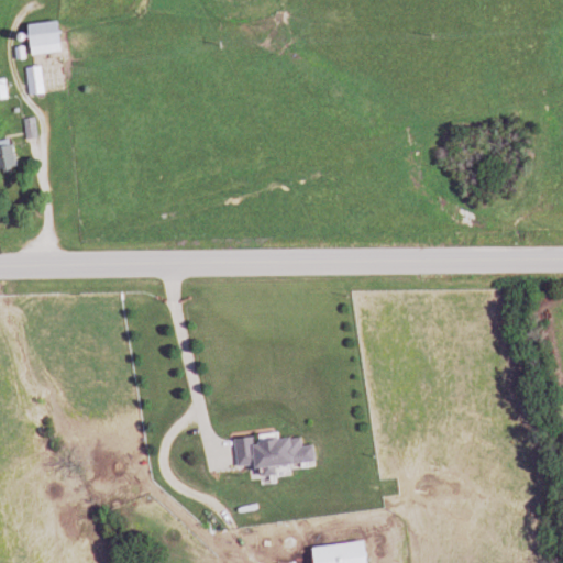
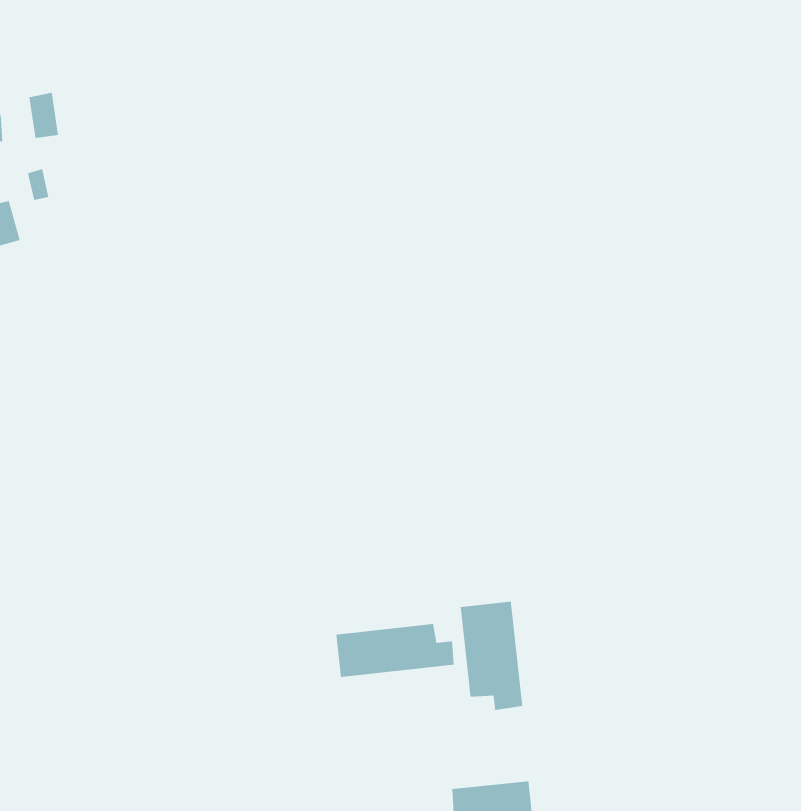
building: [31,24,63,54] -> none
building: none -> [460,601,523,711]

